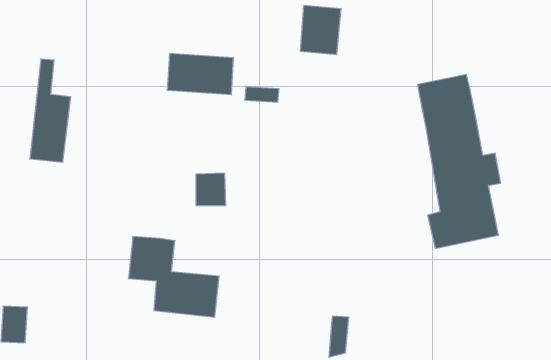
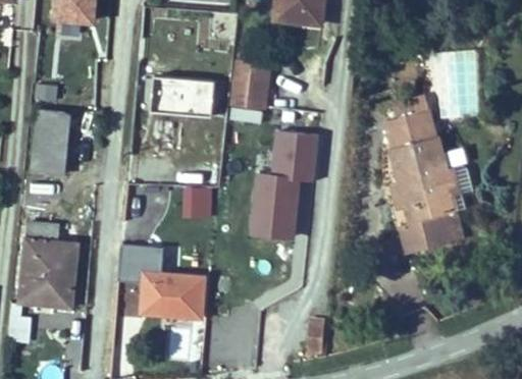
building: [300,6,341,54] -> [233,61,271,106]
building: none -> [250,132,317,238]
building: none -> [16,225,73,310]

